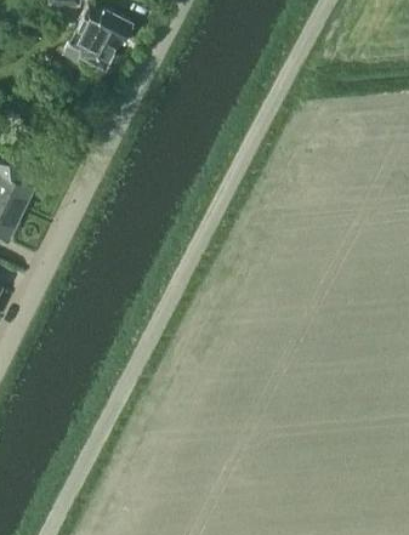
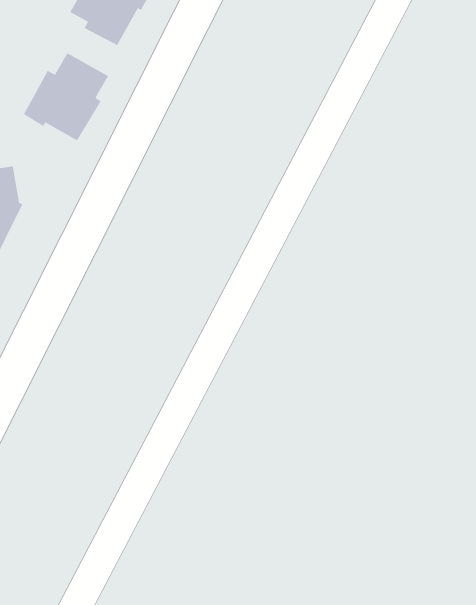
building: none -> [23,52,109,141]

